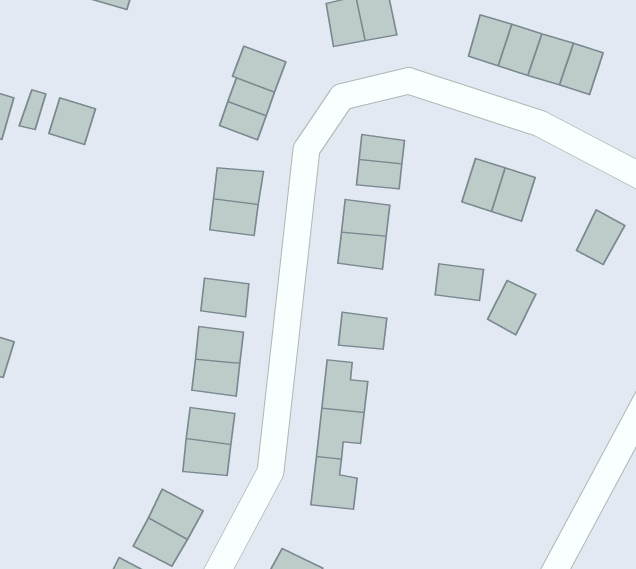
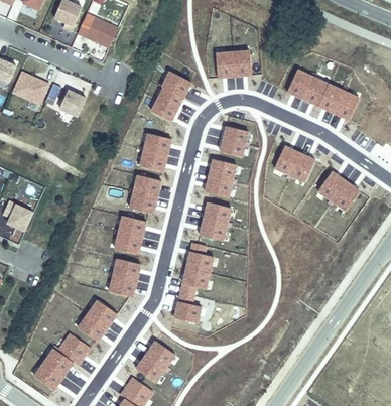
building: none -> [133,175,160,197]
building: [435,264,483,301] -> [204,202,231,225]
building: [487,280,536,335] -> [317,172,345,201]

